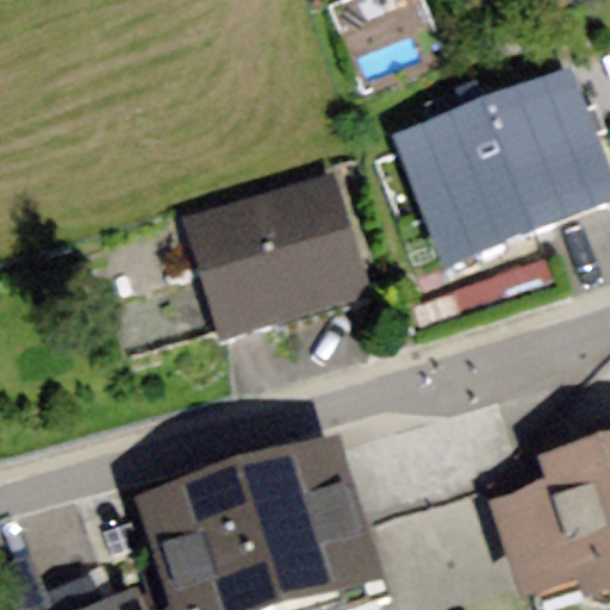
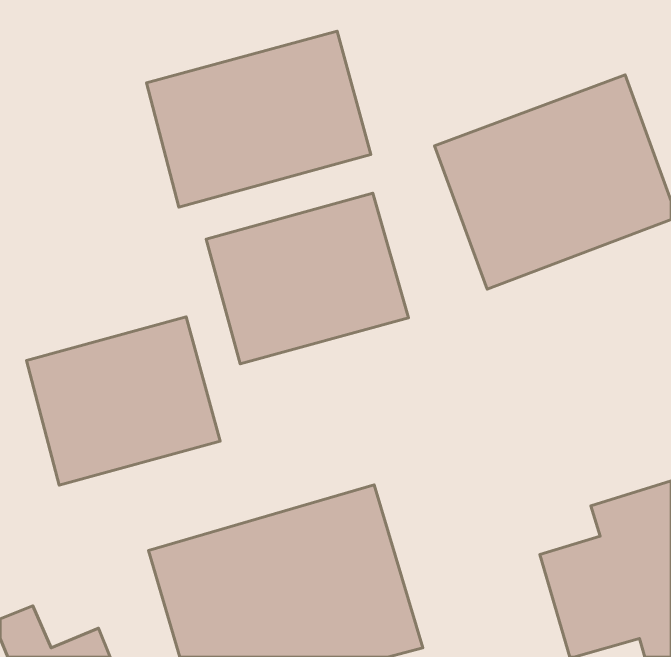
building: none -> [147,31,371,207]
building: none -> [26,317,220,485]

